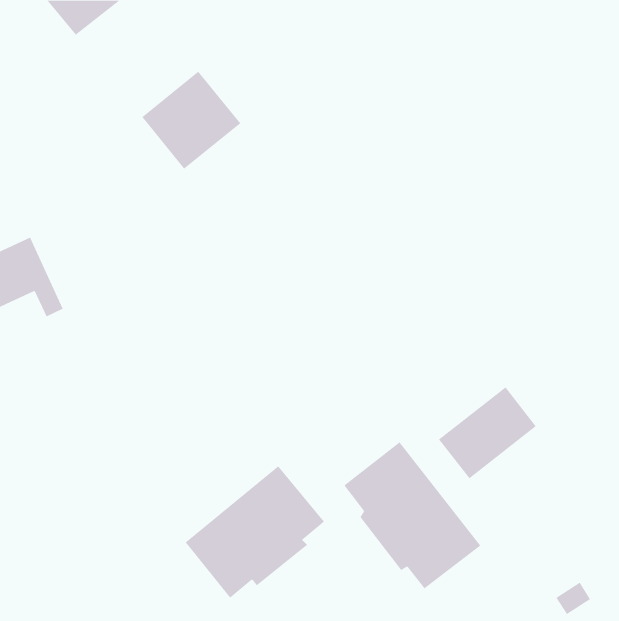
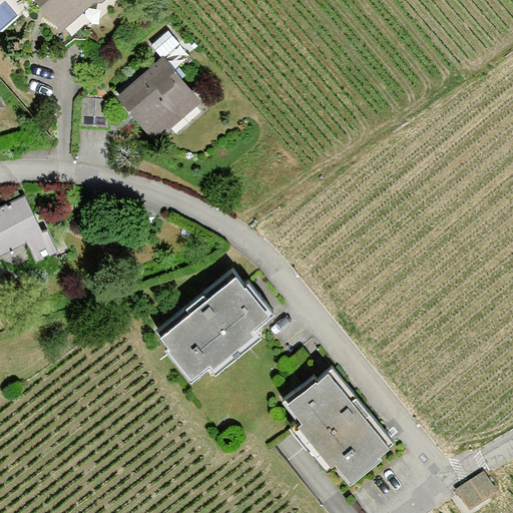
building: [438,387,537,479] -> none
building: [185,466,325,599] -> [154,269,270,378]

